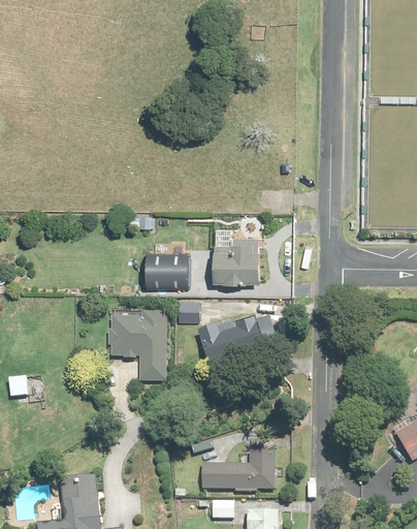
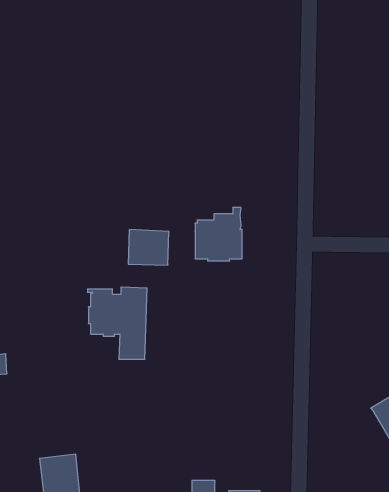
building: [179,300,200,321] -> none
building: [199,317,263,361] -> none
building: [202,449,276,492] -> none

